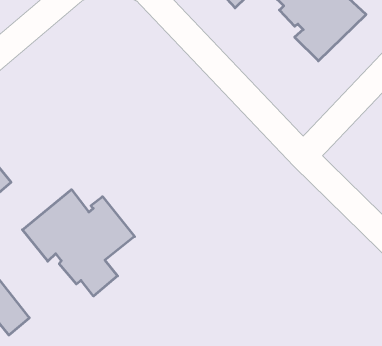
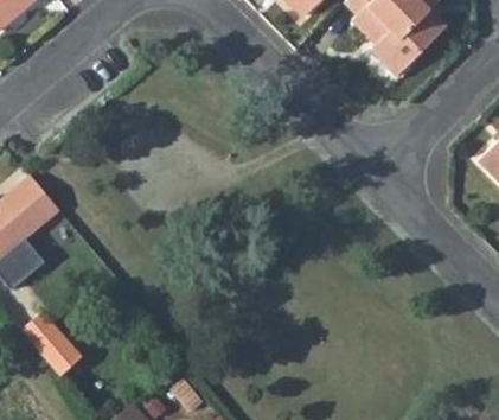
building: [22,190,135,296] -> none

